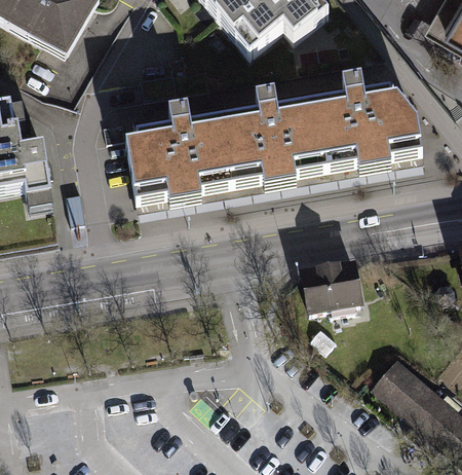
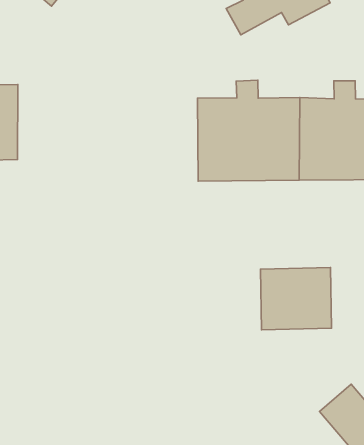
building: [116,109,226,213] -> none

